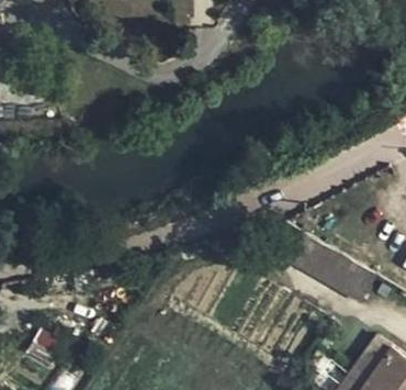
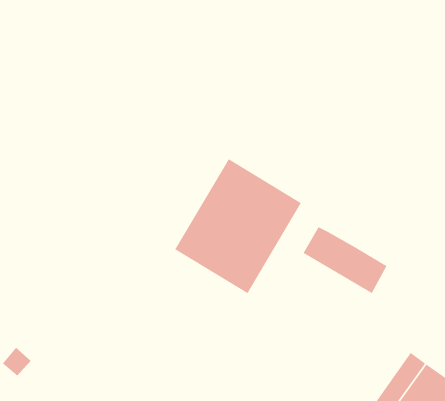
building: none -> [174,158,302,294]

